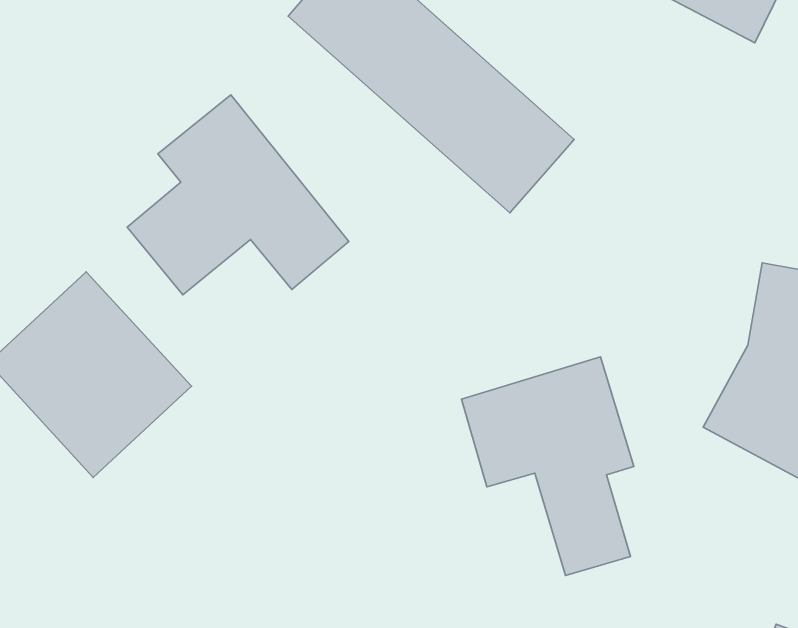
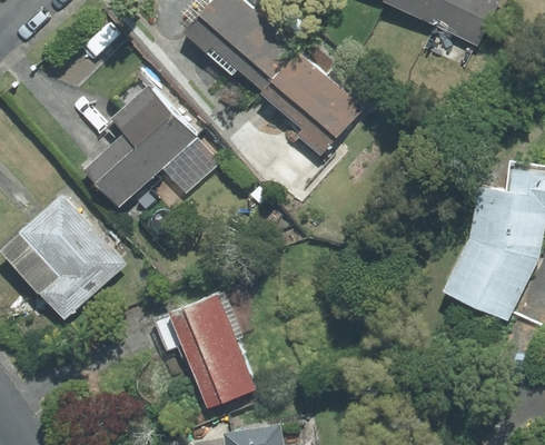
building: [461,357,634,576] -> none
building: none -> [157,289,254,409]

